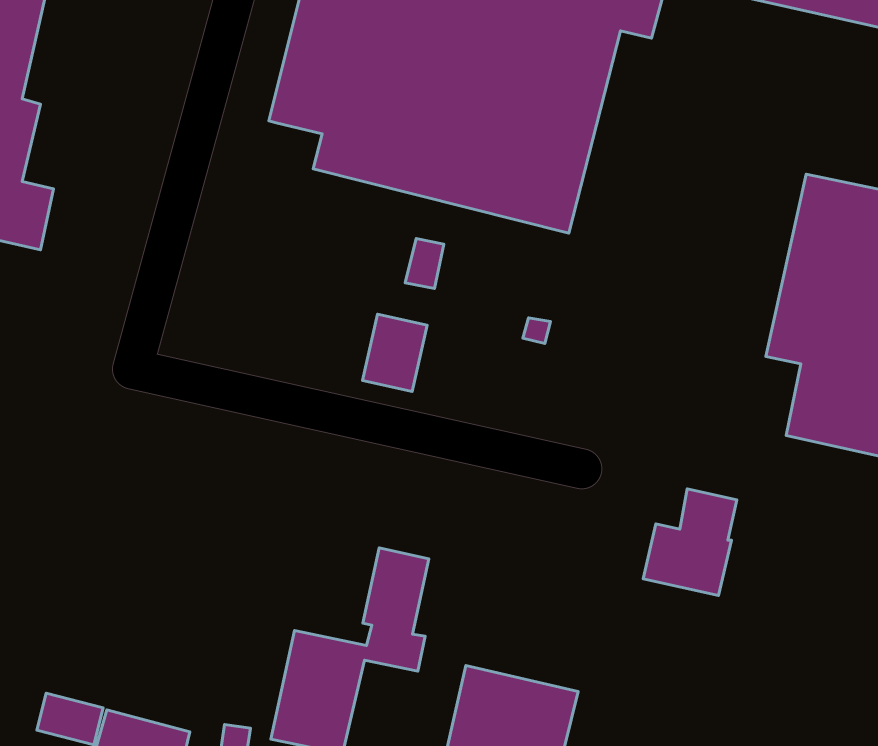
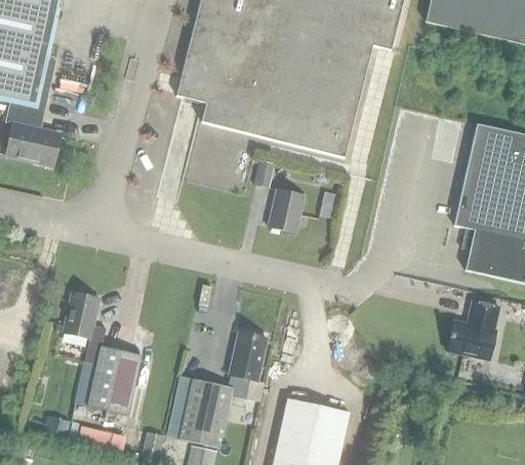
building: [363,314,427,391] -> [268,189,304,232]
building: none -> [62,292,139,414]
building: [643,489,737,595] -> [446,300,498,359]

